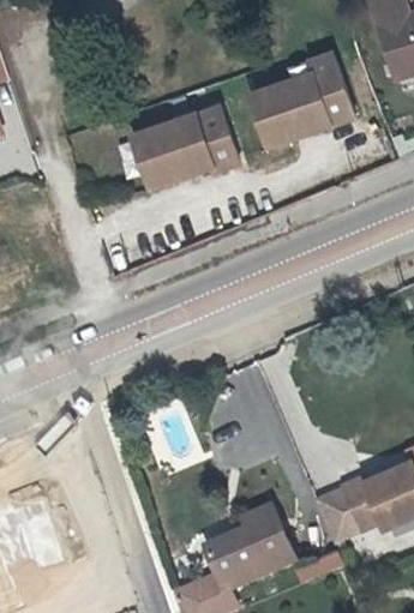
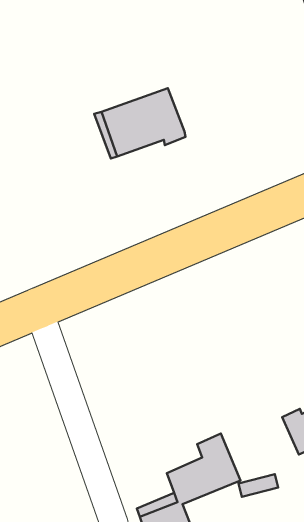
building: [247,58,350,144] -> none
building: [320,486,366,541] -> none

